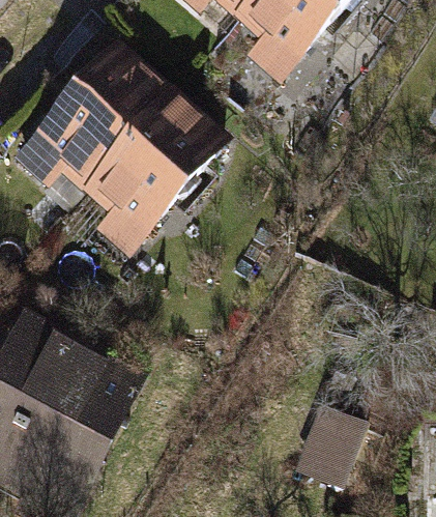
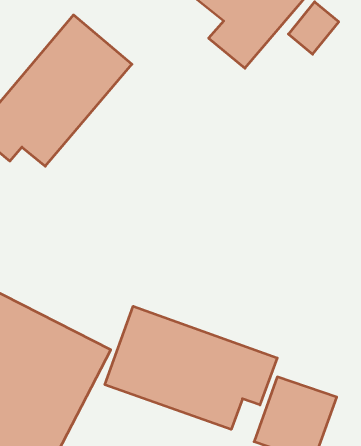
building: [77,82,232,260] -> none
building: none -> [105,306,277,429]

